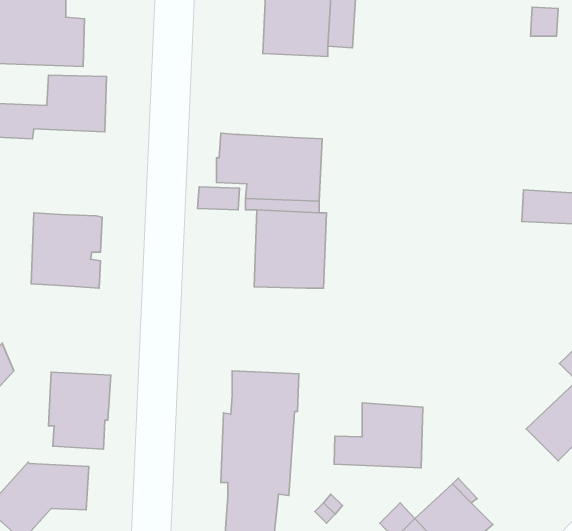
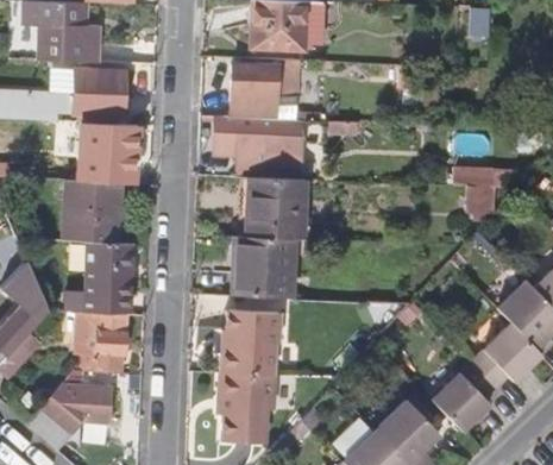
building: none -> [231,63,279,120]
building: none -> [86,121,136,184]
building: none -> [64,241,132,315]
building: none -> [232,241,288,301]
building: [334,403,423,468] -> none
building: none -> [429,359,495,431]

